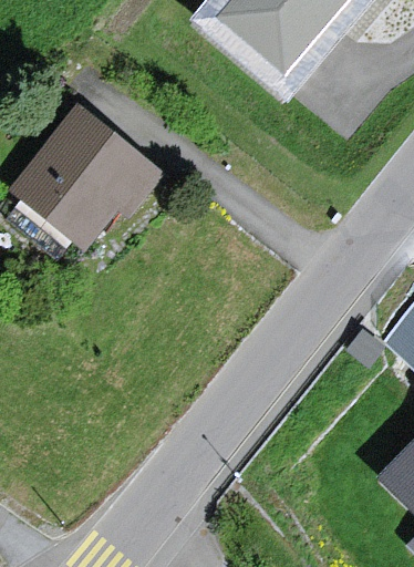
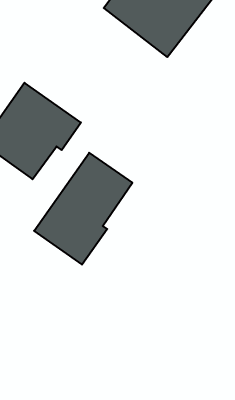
building: none -> [34,153,132,265]

